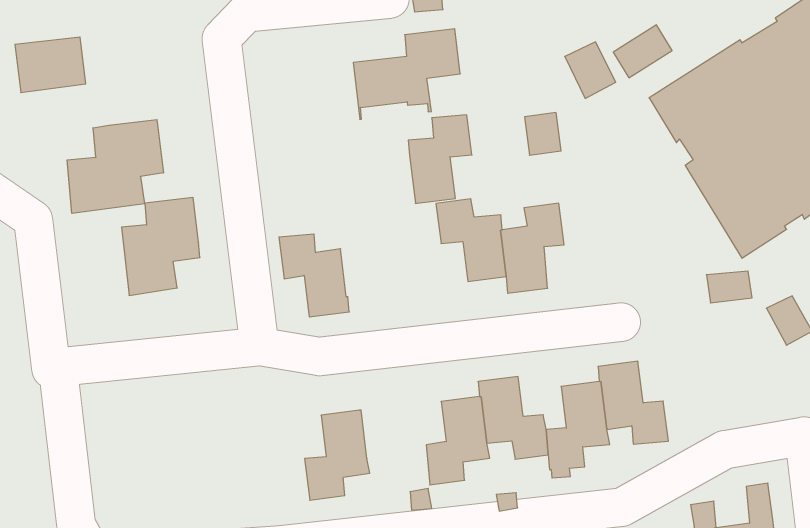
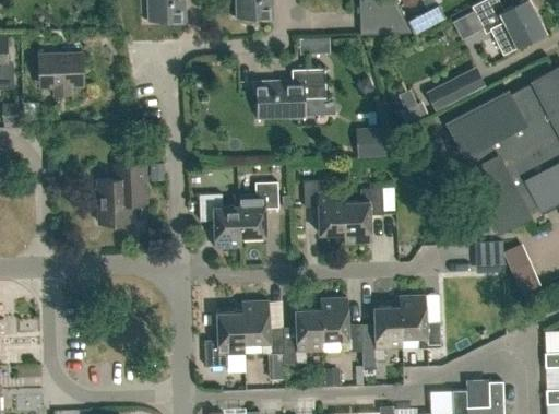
building: [408,115,472,203] -> [239,181,280,236]
building: [67,120,163,213] -> none
building: none -> [242,299,284,354]

